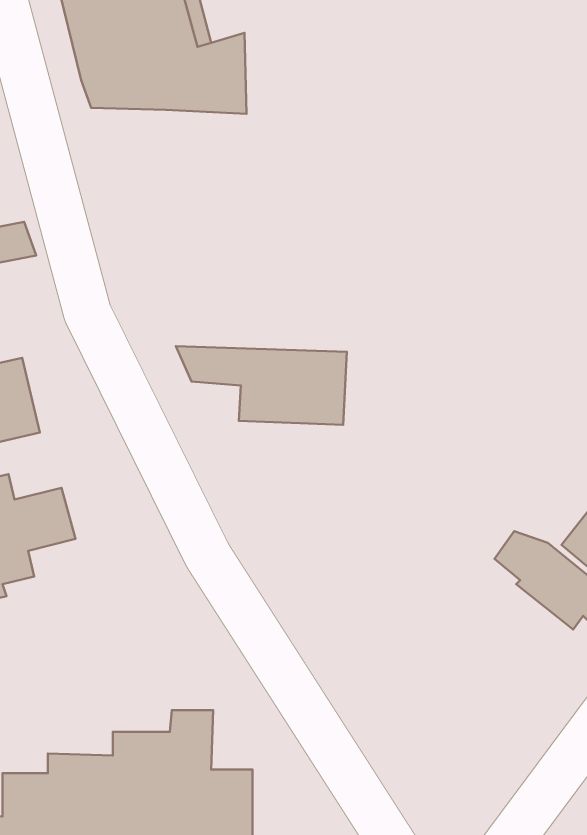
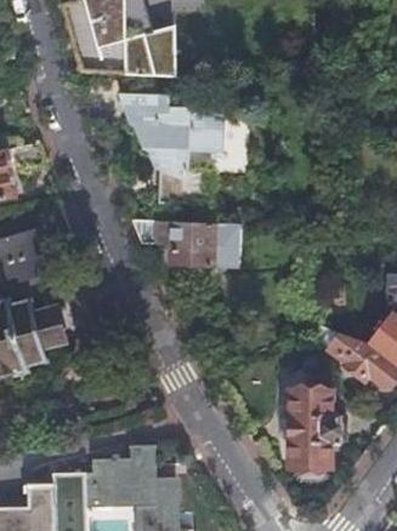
building: none -> [115,93,221,205]
building: none -> [288,389,341,480]

